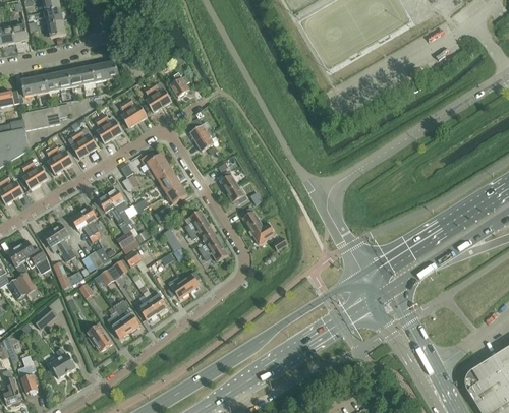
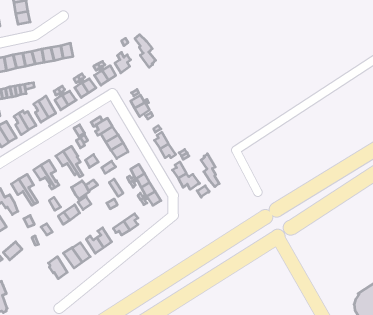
building: none -> [135,35,156,67]
building: none -> [201,154,219,187]
building: [49,347,75,377] -> none

